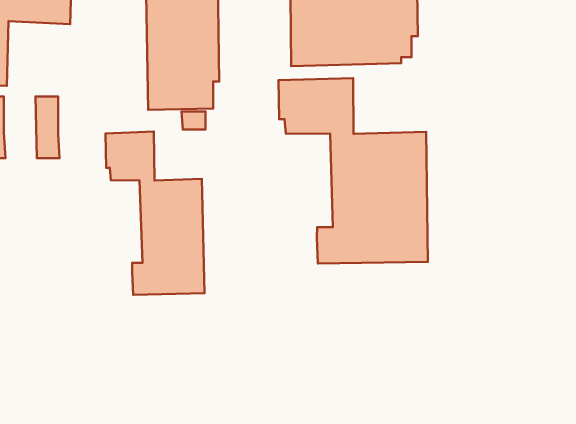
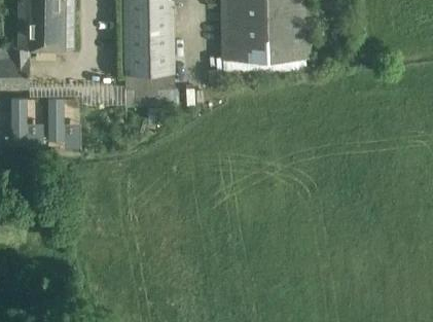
building: [279,78,428,264] -> none
building: [105,131,205,295] -> none

